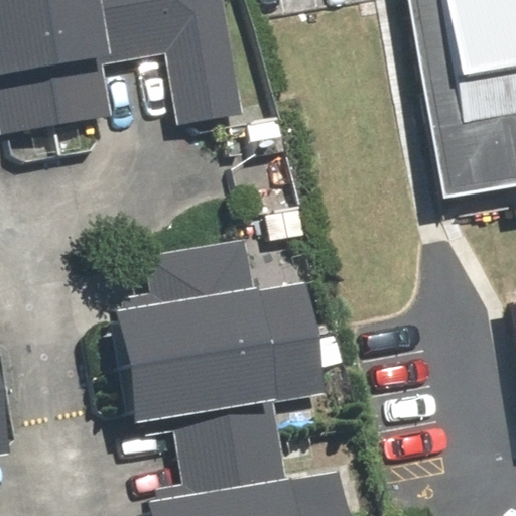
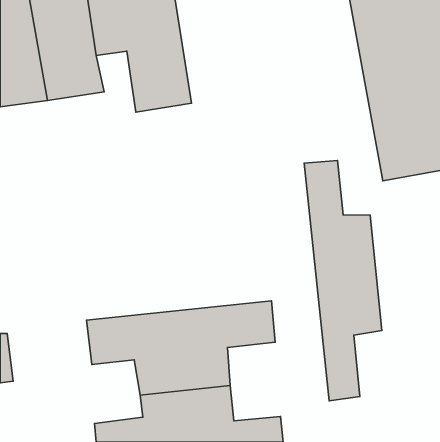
building: none -> [304,160,382,401]
building: [105,243,322,366] -> none

